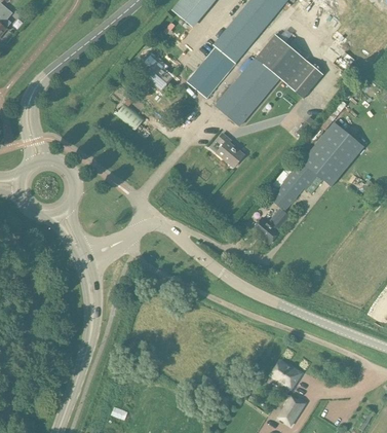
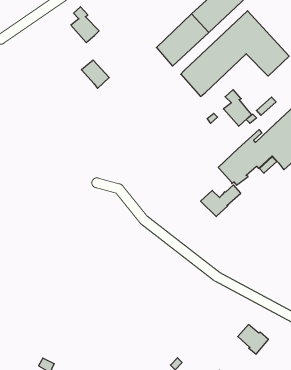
building: [144,55,172,89] -> [71,7,99,43]
building: [216,132,244,168] -> [223,90,252,126]
building: [271,360,302,389] -> [238,325,268,354]

